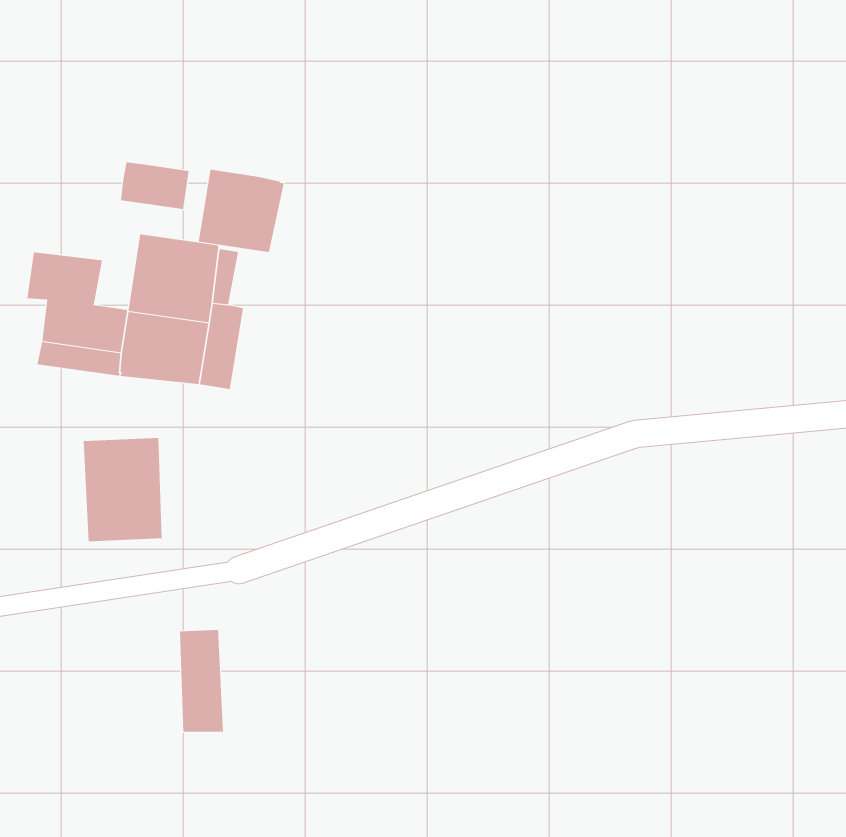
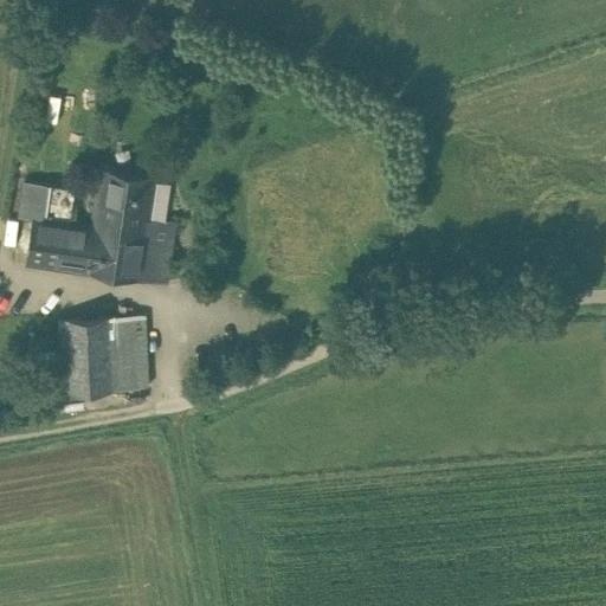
building: [120,161,189,210] -> none
building: [198,169,284,253] -> none
building: [179,629,224,732] -> [114,318,146,392]

